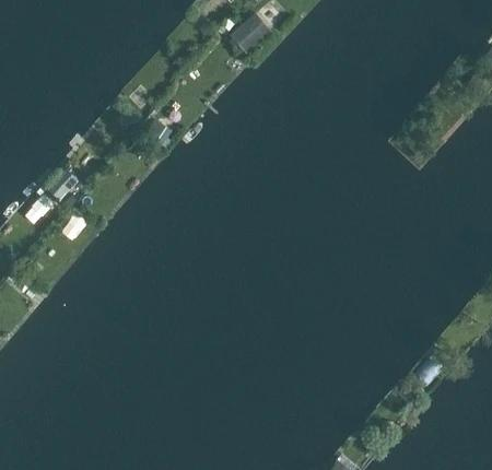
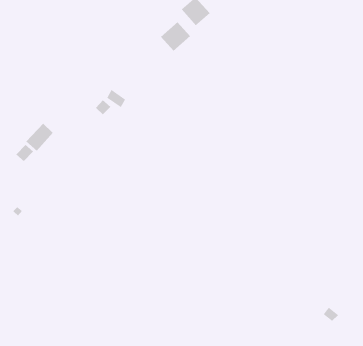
building: none -> [160,22,191,52]

